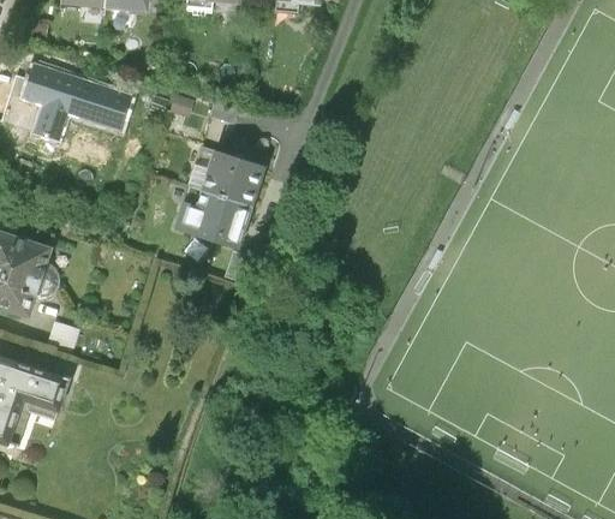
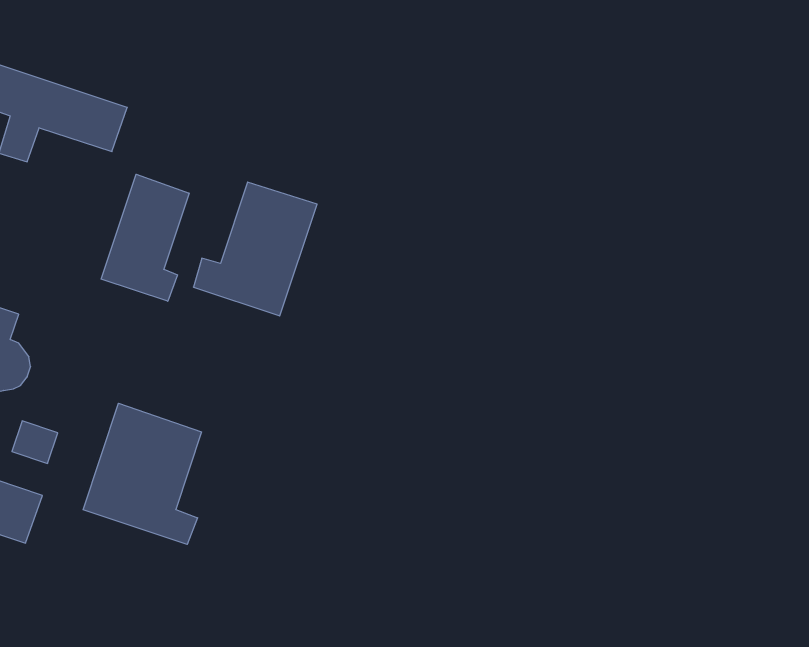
building: none -> [101,174,189,301]
building: none -> [83,403,202,544]

